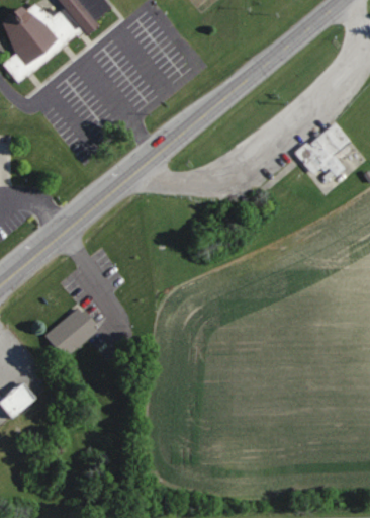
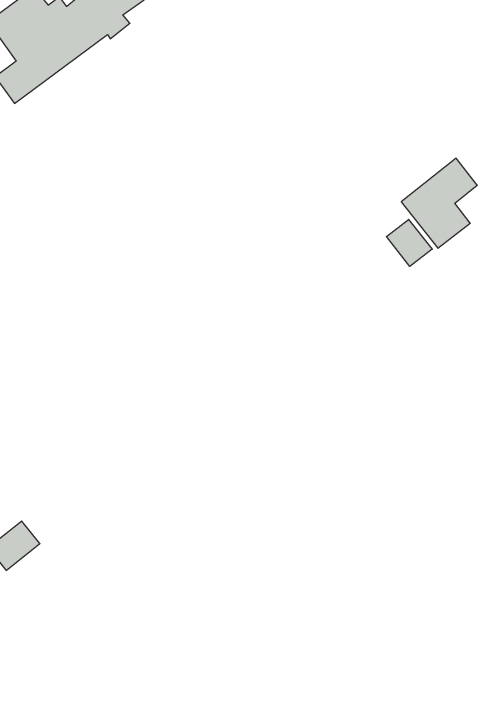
building: none -> [386,219,432,266]
building: [44,307,96,358] -> none

